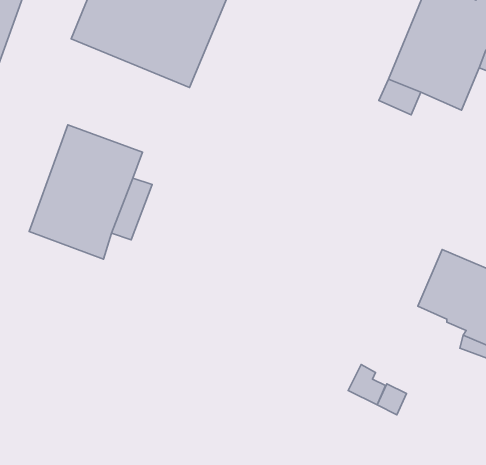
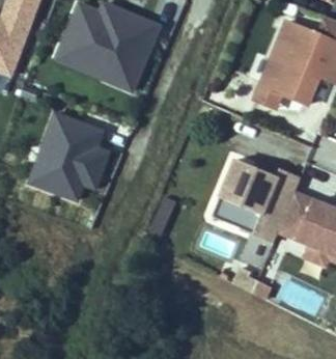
building: none -> [209,159,301,251]

